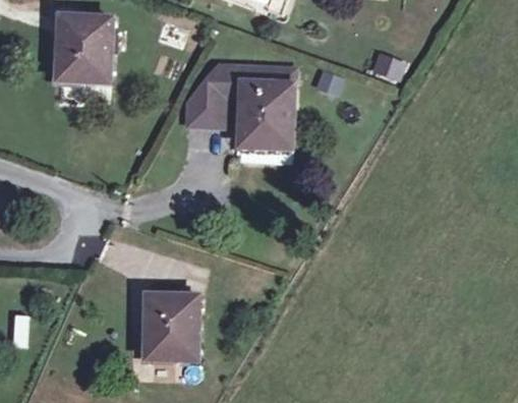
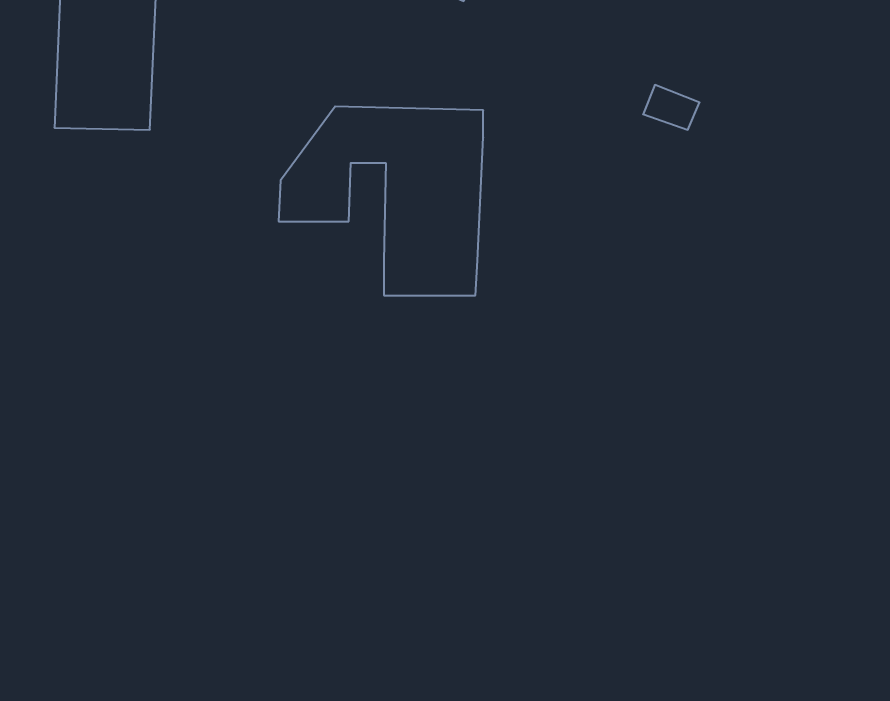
building: [140,293,193,362] -> none

